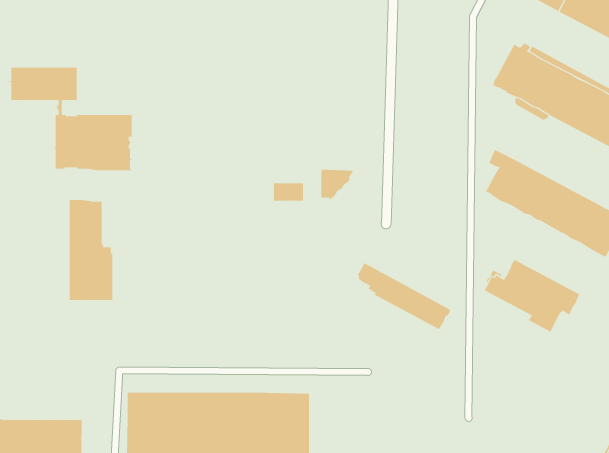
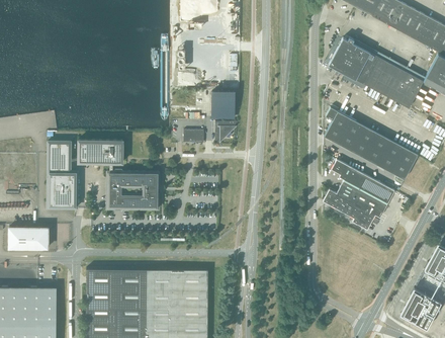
building: [7,64,133,172] -> [76,139,159,210]
building: none -> [211,92,235,118]
building: [357,262,451,330] -> [332,160,394,204]
building: none -> [7,228,50,250]

